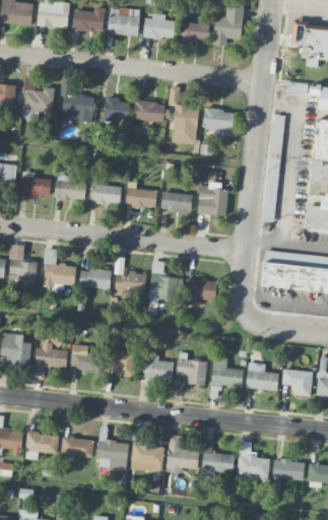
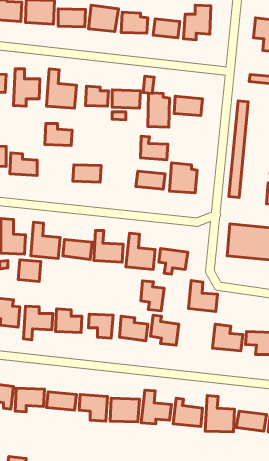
building: [55,176,85,200] -> [45,124,72,146]
building: [126,182,156,208] -> [140,136,168,160]
building: none -> [18,260,41,281]
building: none -> [141,281,164,311]
building: [210,354,243,389] -> [188,280,218,311]

